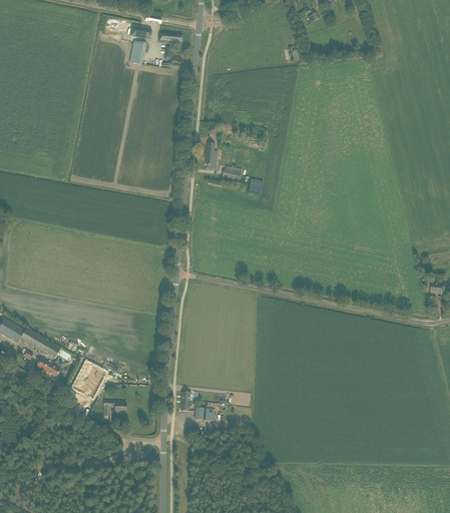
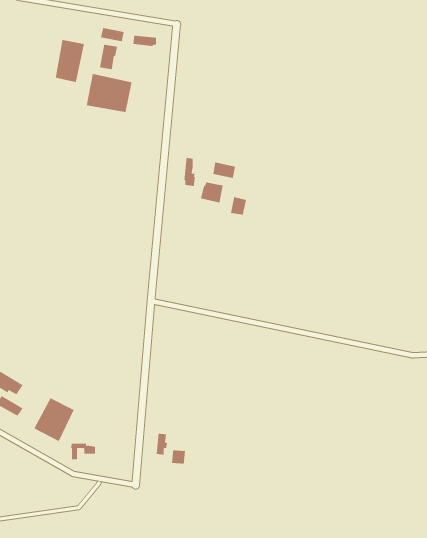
building: none -> [55,39,85,83]
building: none -> [86,73,132,113]

